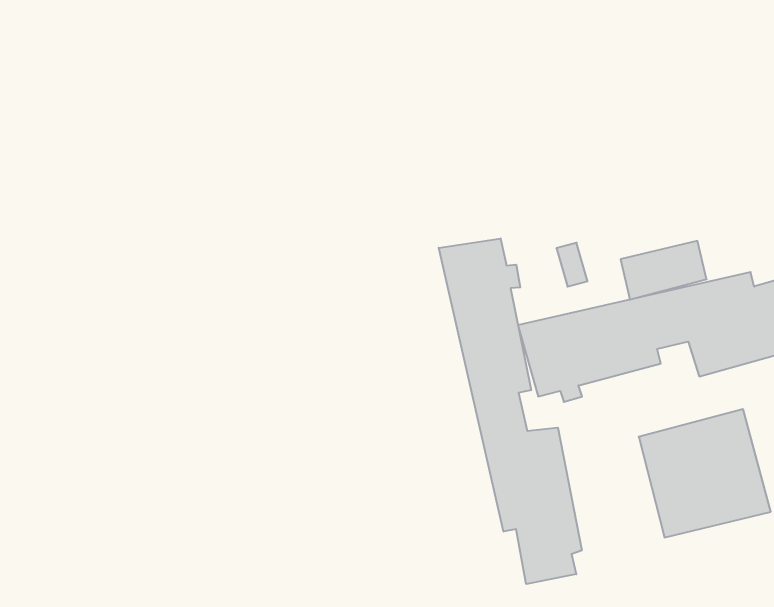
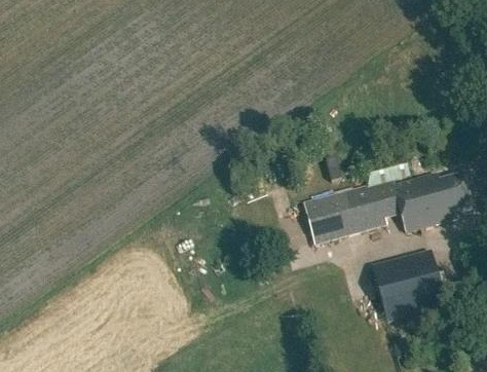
building: [439,238,582,584] -> none

